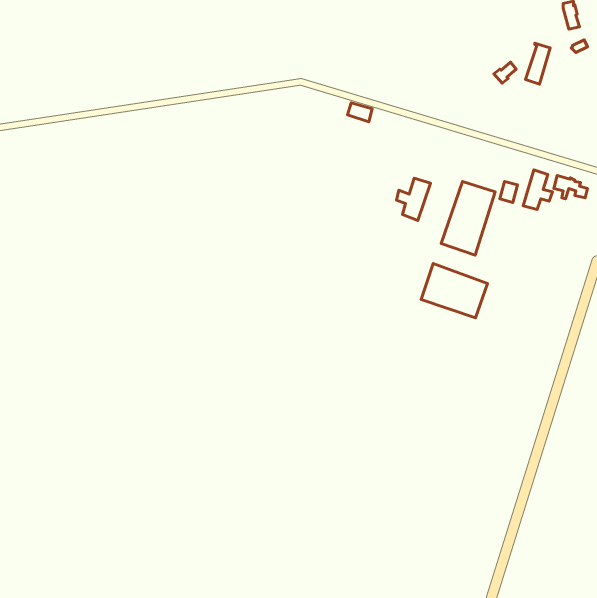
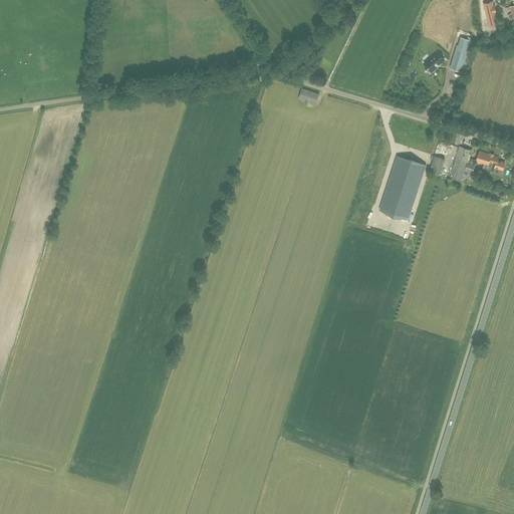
building: [396,178,431,221] -> none
building: [421,263,488,318] -> none

